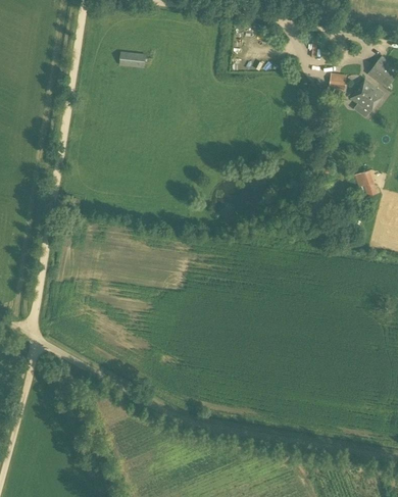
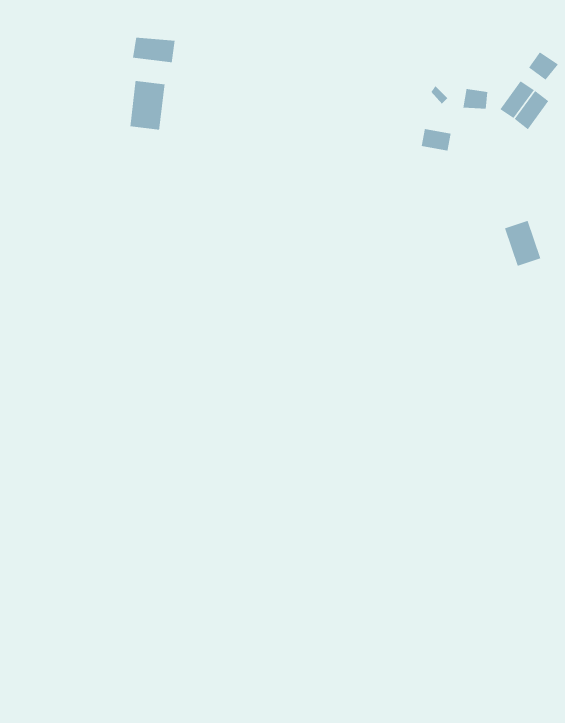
building: none -> [130,80,165,130]

